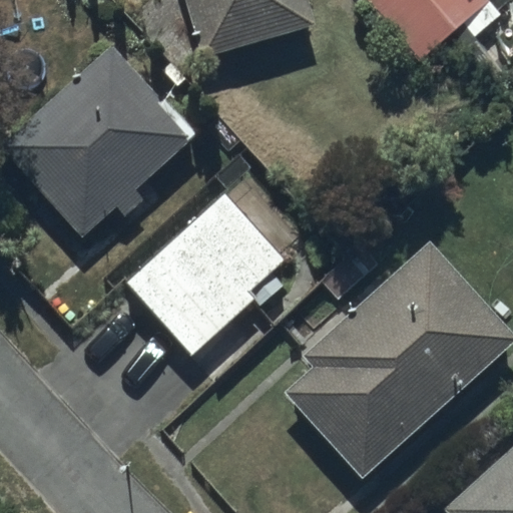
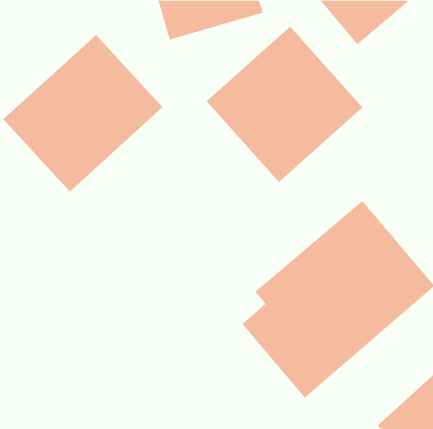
building: none -> [206,26,363,183]
building: [127,191,287,353] -> none

